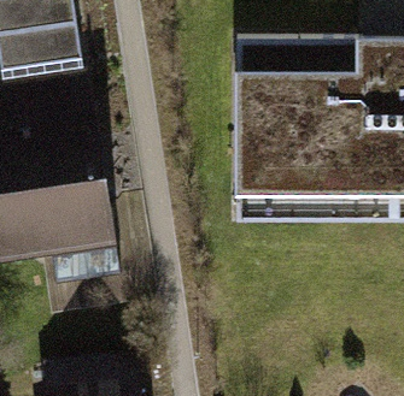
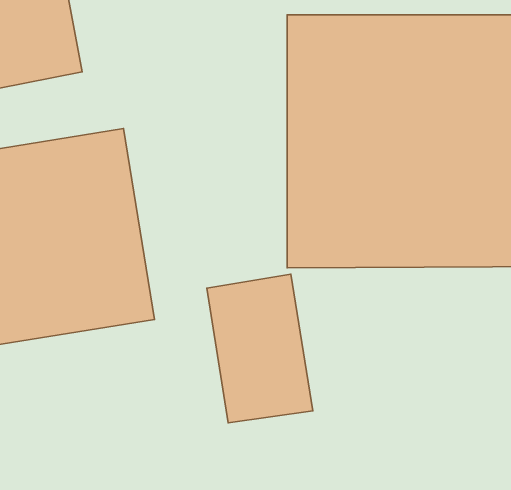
building: none -> [207,274,313,423]

